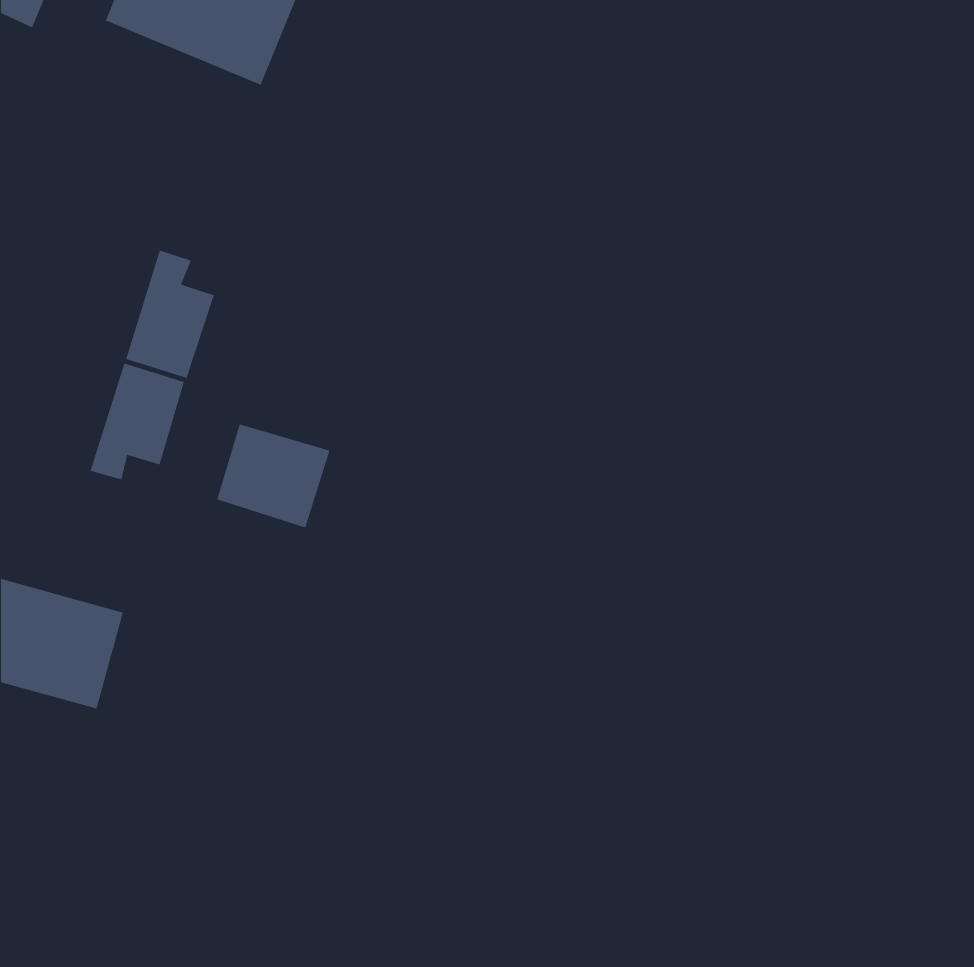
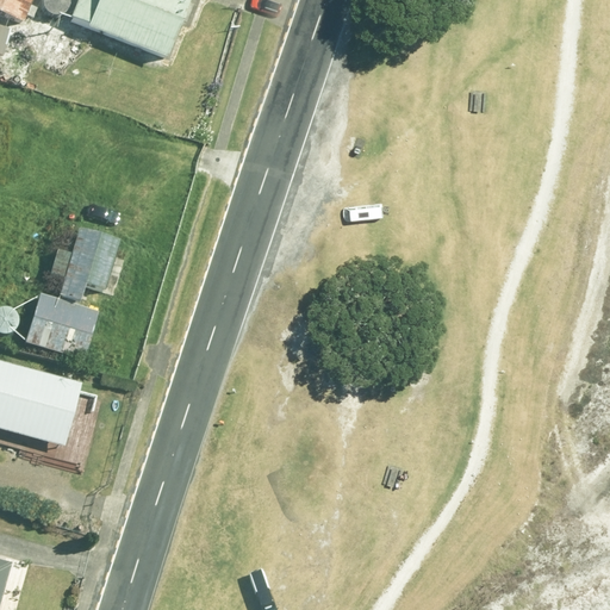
building: [125,249,215,379] -> none
building: [216,423,331,528] -> [25,292,97,357]

